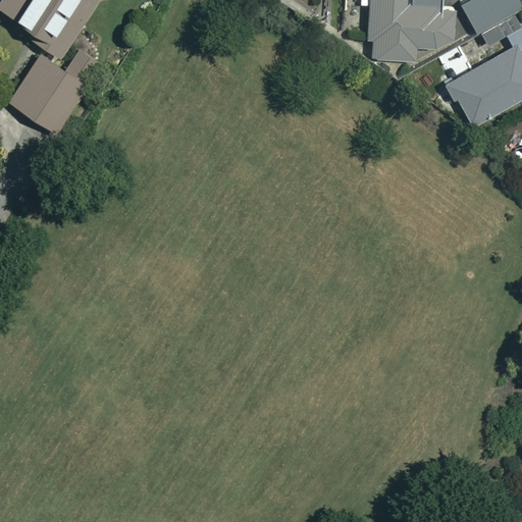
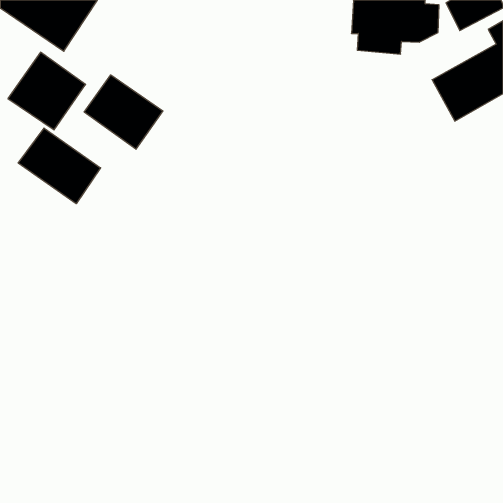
building: none -> [84,75,163,149]
building: none -> [18,128,101,204]

